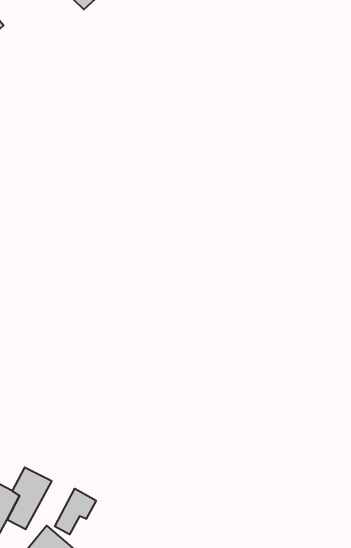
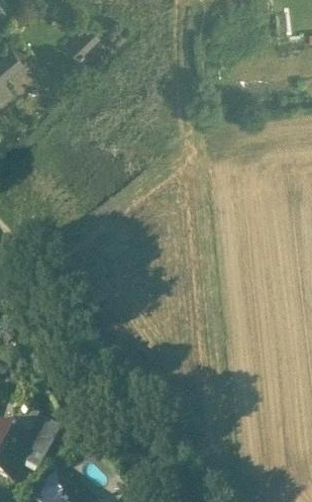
building: [55,489,96,534] -> none

